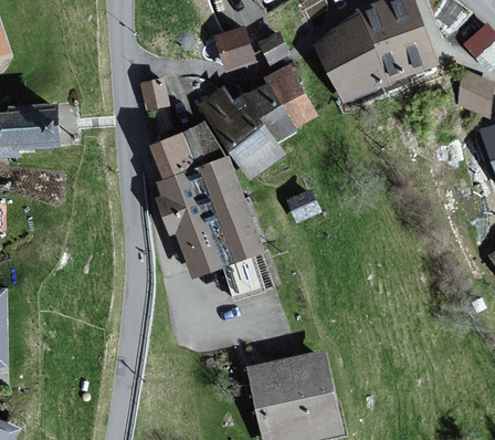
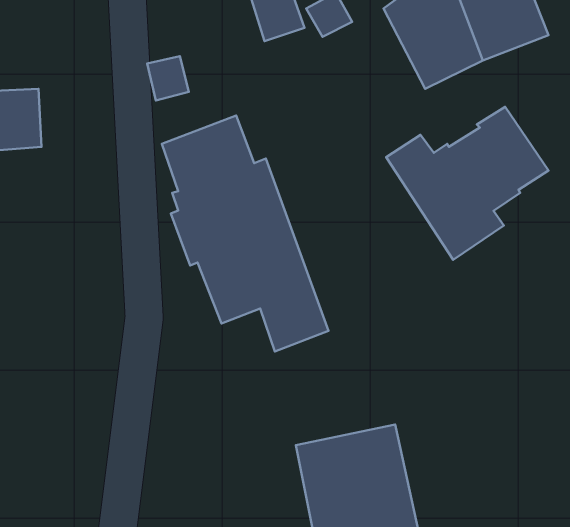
building: [198,64,318,178] -> [386,107,548,260]

